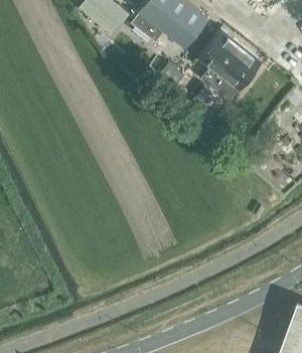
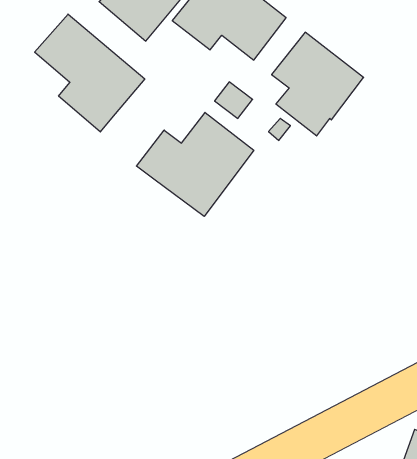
building: none -> [35,14,145,132]
building: none -> [136,112,254,216]

